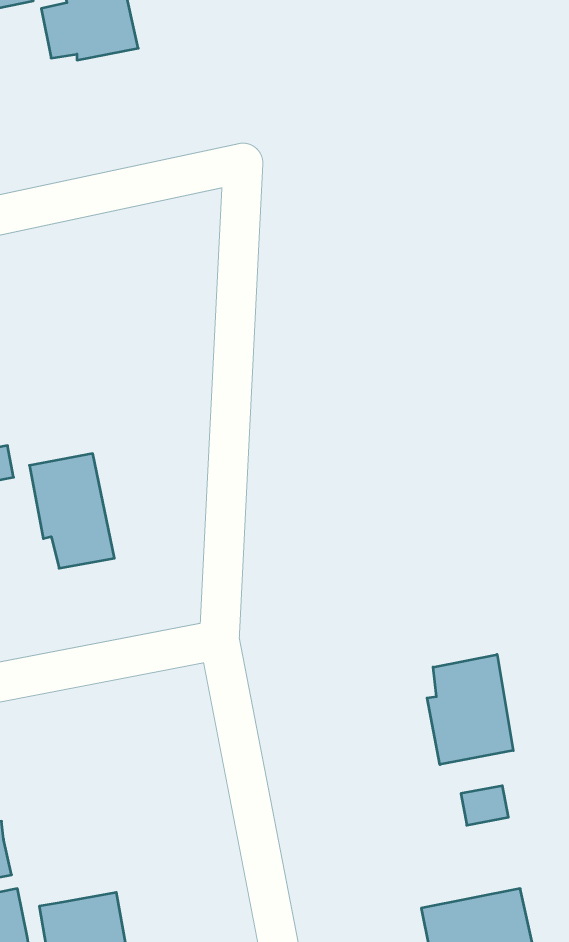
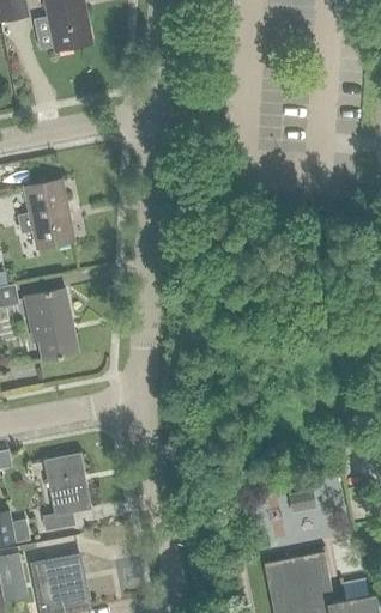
building: none -> [18,180,73,248]
building: [427,654,513,765] -> none
building: none -> [43,454,89,532]

